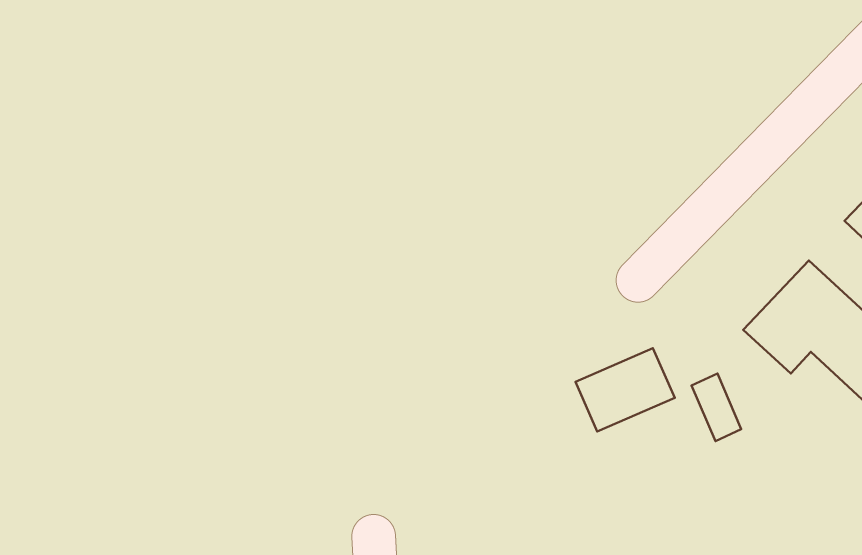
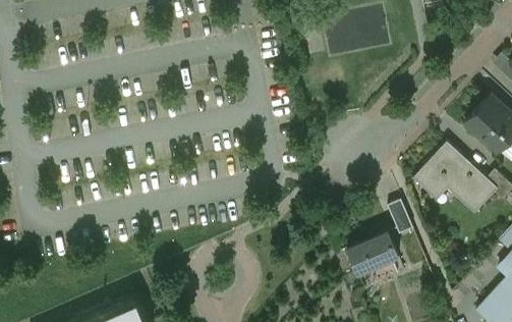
building: [575,348,675,432] -> [347,232,398,275]

